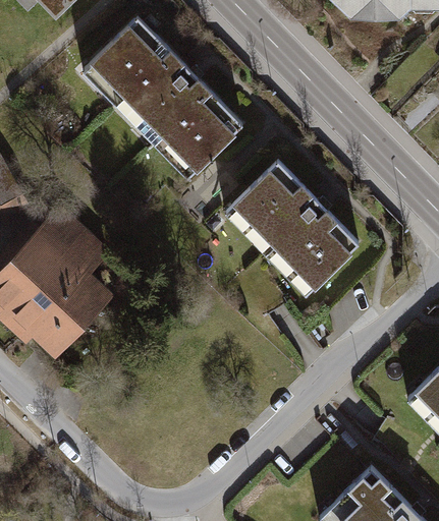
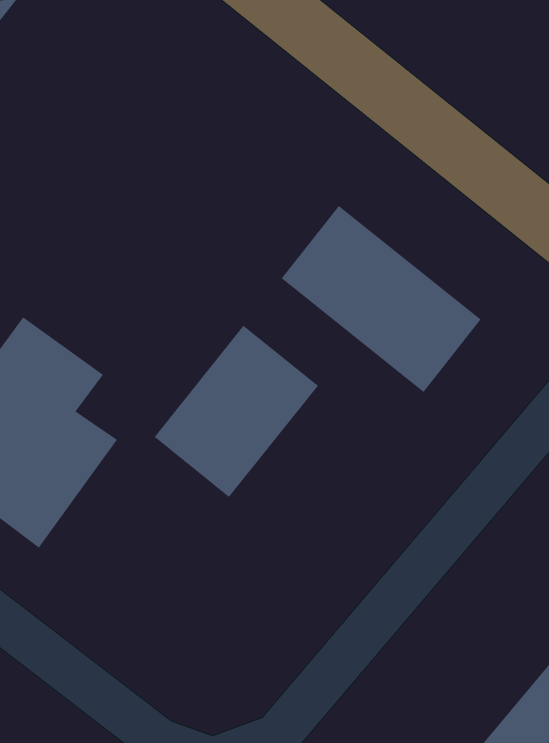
building: [92,22,245,175] -> none
building: none -> [154,325,319,498]

